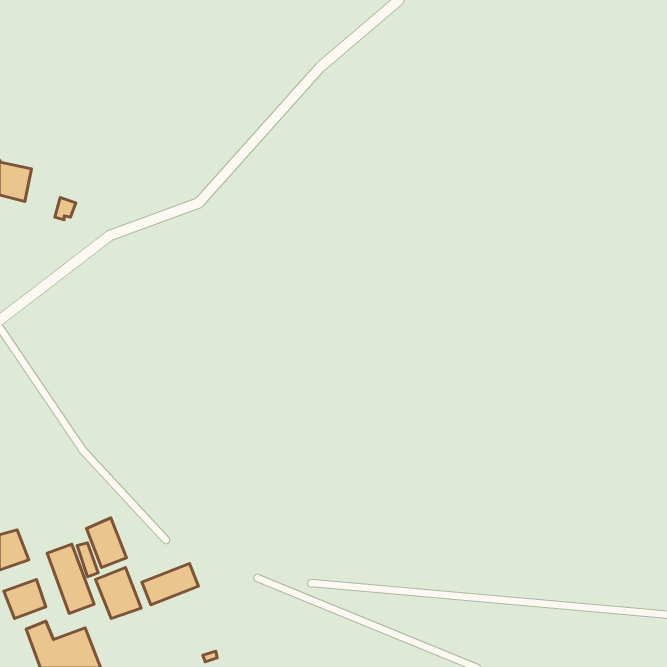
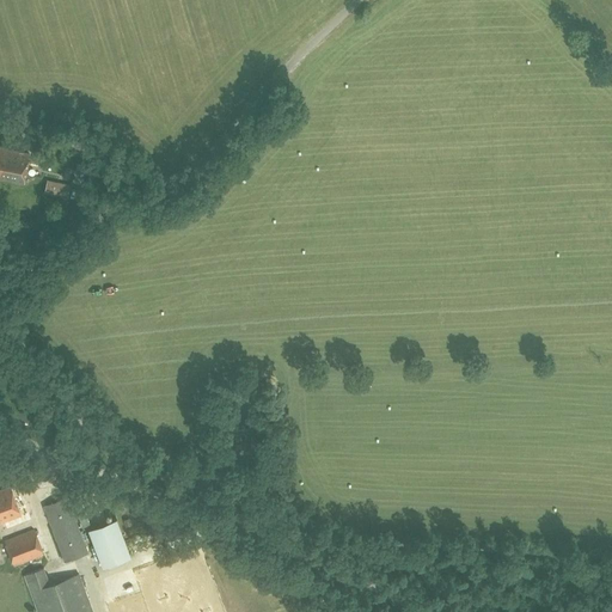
building: [87,518,127,568] -> none
building: [142,563,199,605] -> none

